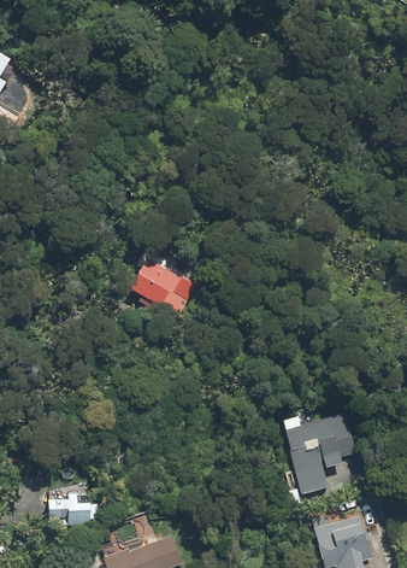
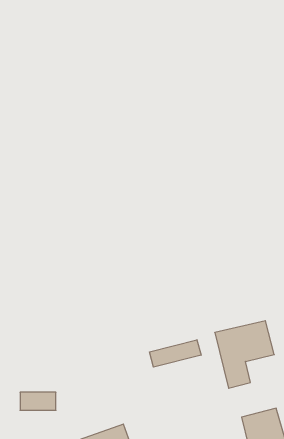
building: [131,259,194,311] -> none
building: none -> [150,340,201,367]

